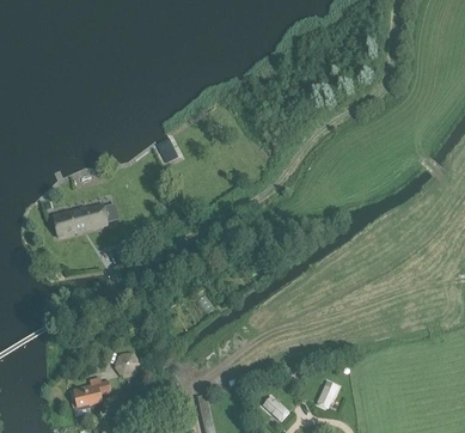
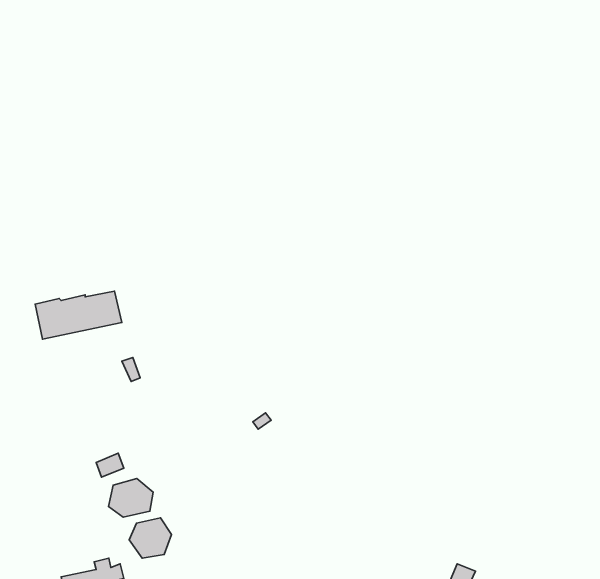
building: none -> [109,478,153,517]

